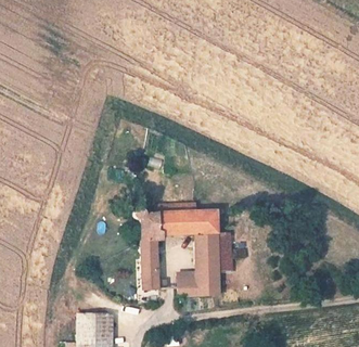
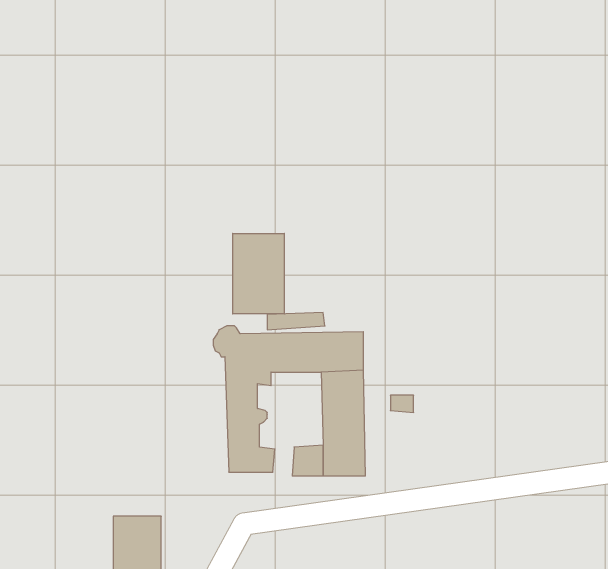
building: none -> [233,233,284,314]

